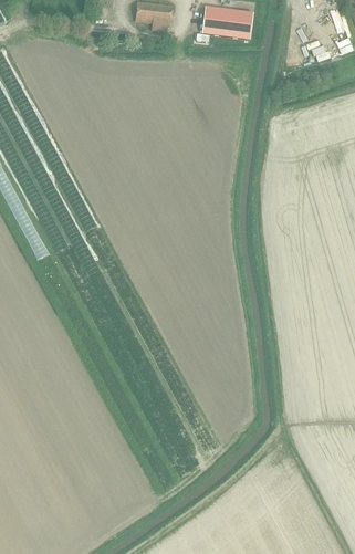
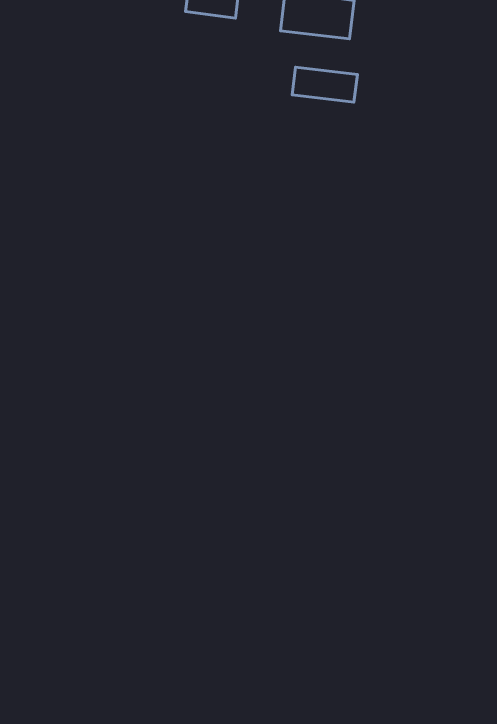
building: none -> [292,67,357,102]

